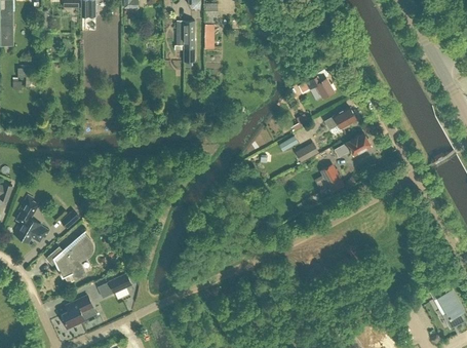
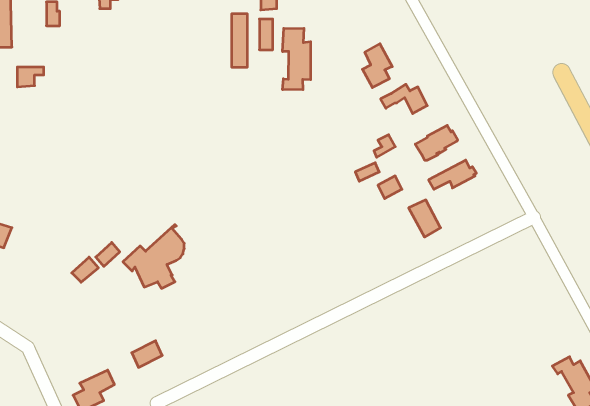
building: none -> [283,28,311,90]
building: none -> [362,44,392,88]
building: [13,195,48,242] -> none
building: [45,230,92,279] -> [123,225,184,288]

